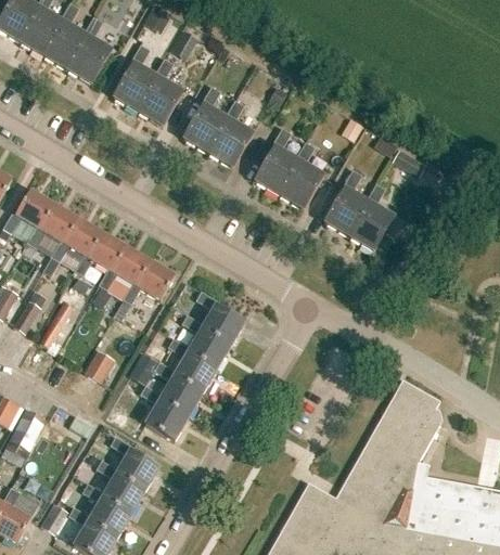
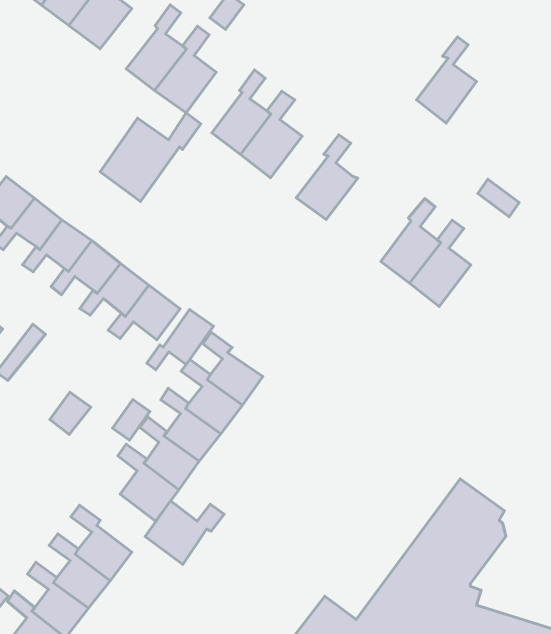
building: none -> [100,113,201,201]
building: [279,142,323,209] -> [416,37,476,123]
building: none -> [147,309,214,370]
building: none -> [145,501,224,564]

